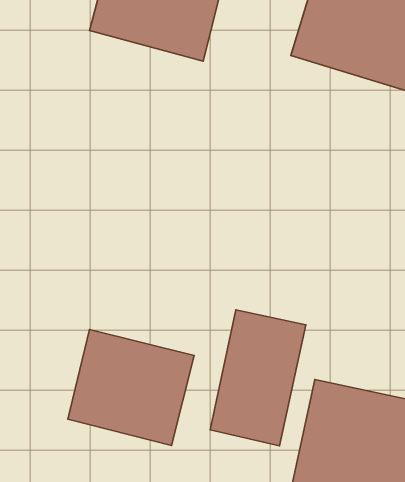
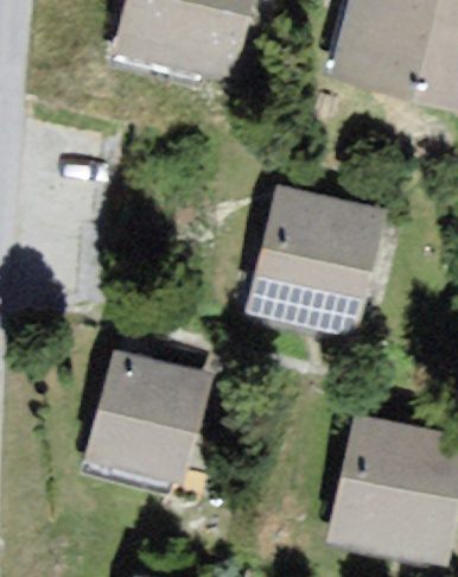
building: none -> [246,191,386,336]
building: [210,310,306,446] -> none

